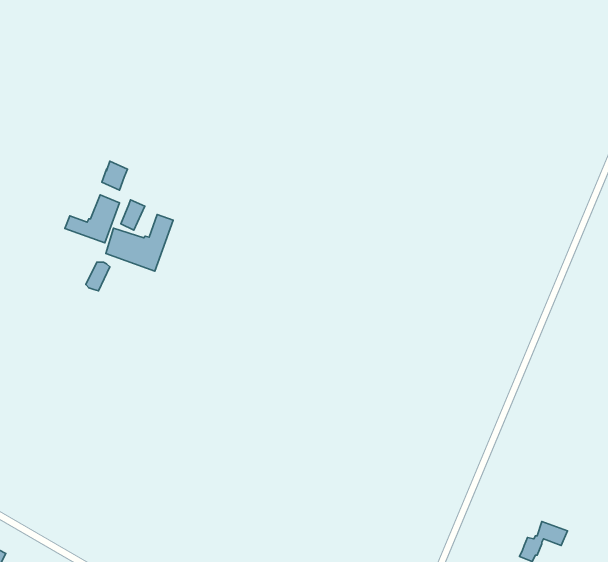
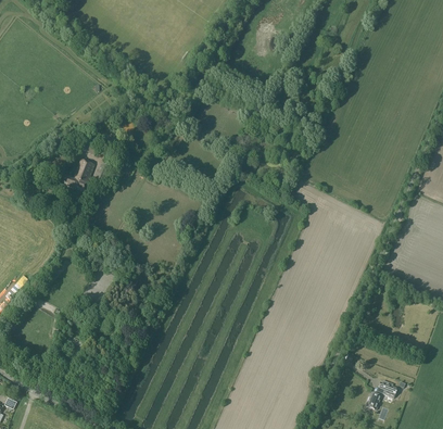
building: [106,215,173,271] -> none

